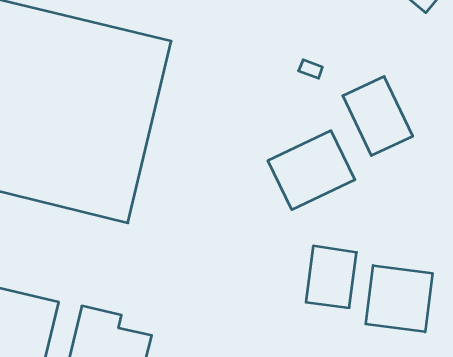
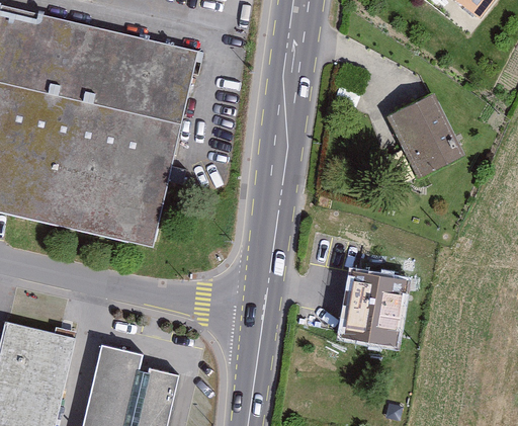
building: [268,131,355,210] -> none
building: [366,265,432,332] -> none

